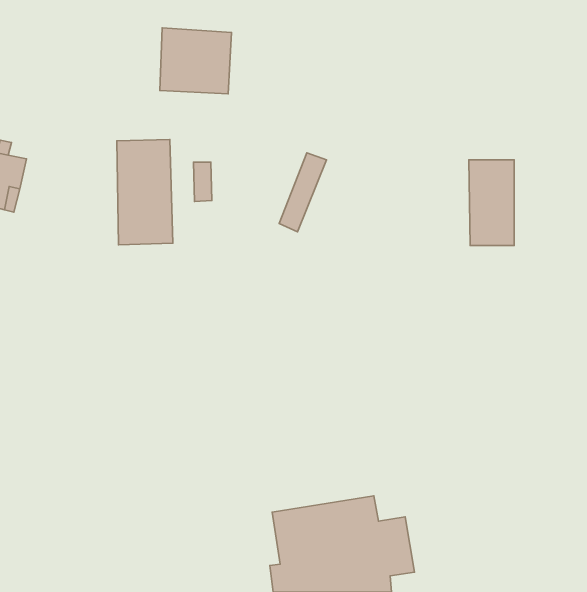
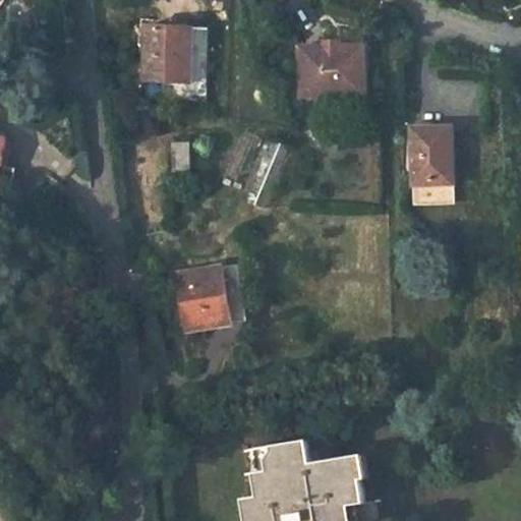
building: none -> [301,50,365,97]
building: [117,139,173,245] -> none
building: none -> [176,267,245,332]

